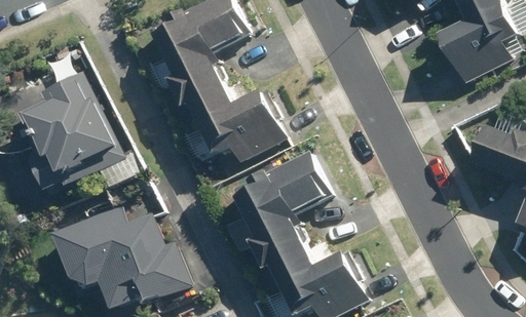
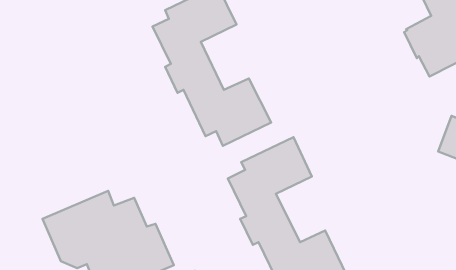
building: [11,72,119,193] -> none

